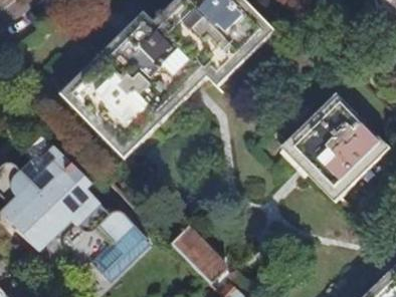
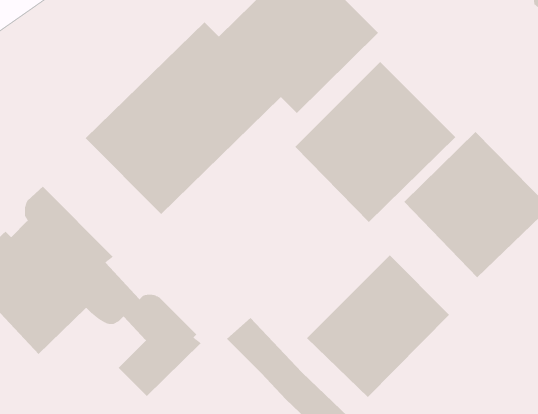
building: none -> [294,61,456,223]
building: none -> [306,255,450,398]

